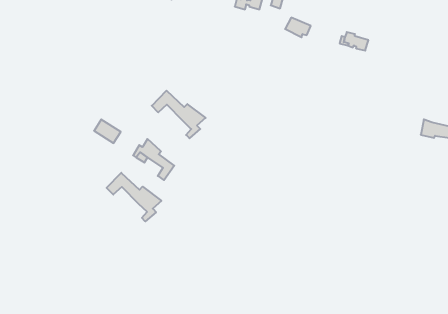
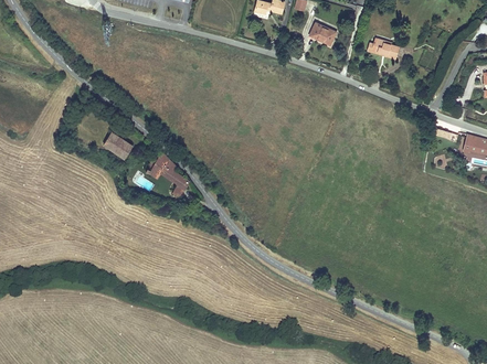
building: [152,91,206,138] -> none
building: [107,173,161,221] -> none

